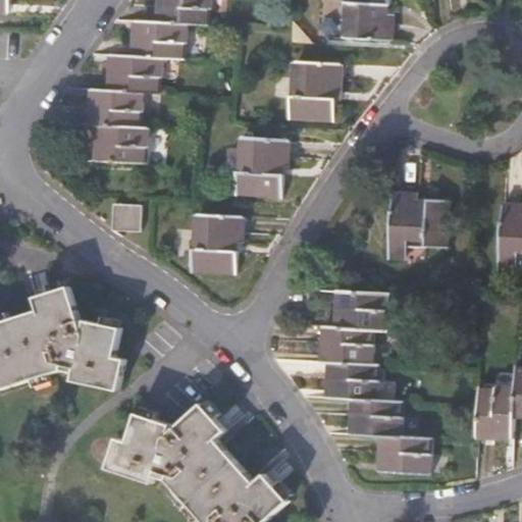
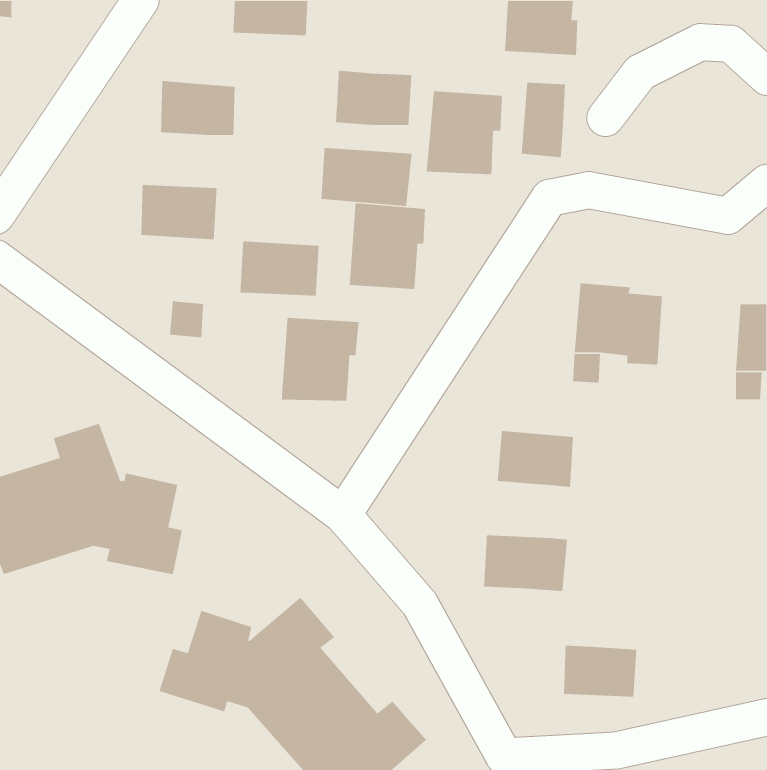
building: [133,21,185,59] -> [335,70,412,126]
building: none -> [521,82,566,158]
building: [89,90,143,127] -> [239,241,319,296]
building: none -> [320,147,412,207]
building: [320,326,374,364] -> none
building: [476,386,514,439] -> none
building: [350,399,402,437] -> none

